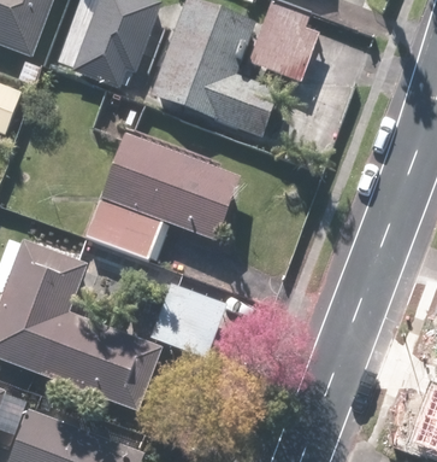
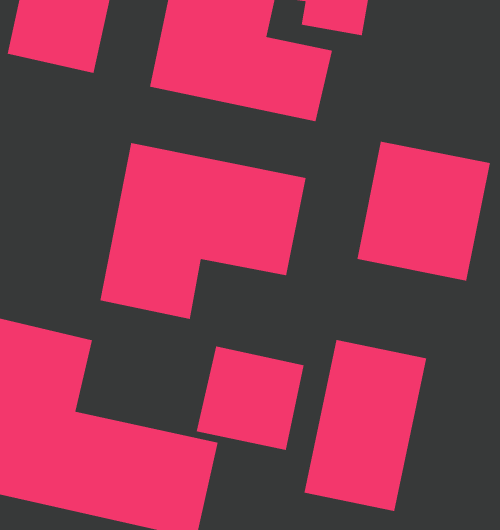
building: none -> [357,141,490,281]
building: none -> [304,339,427,512]

